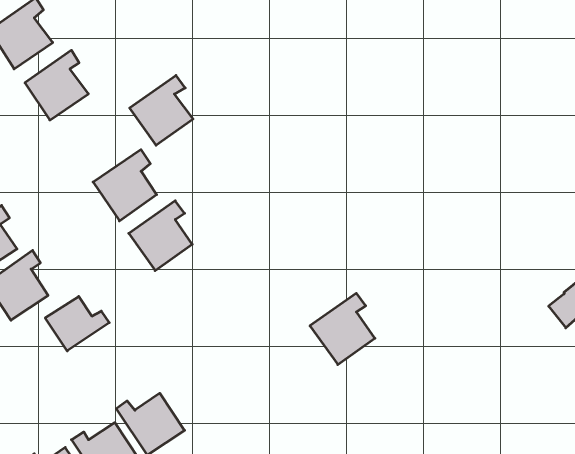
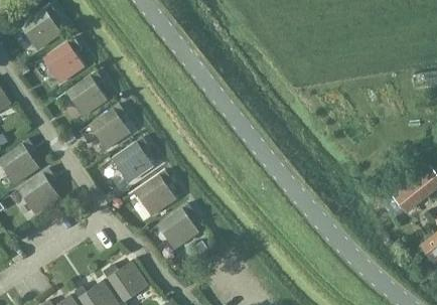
building: [130,75,193,145] -> [65,71,107,117]
building: none -> [134,170,174,215]
building: [310,293,375,365] -> [156,203,198,250]
building: [45,296,109,351] -> none

